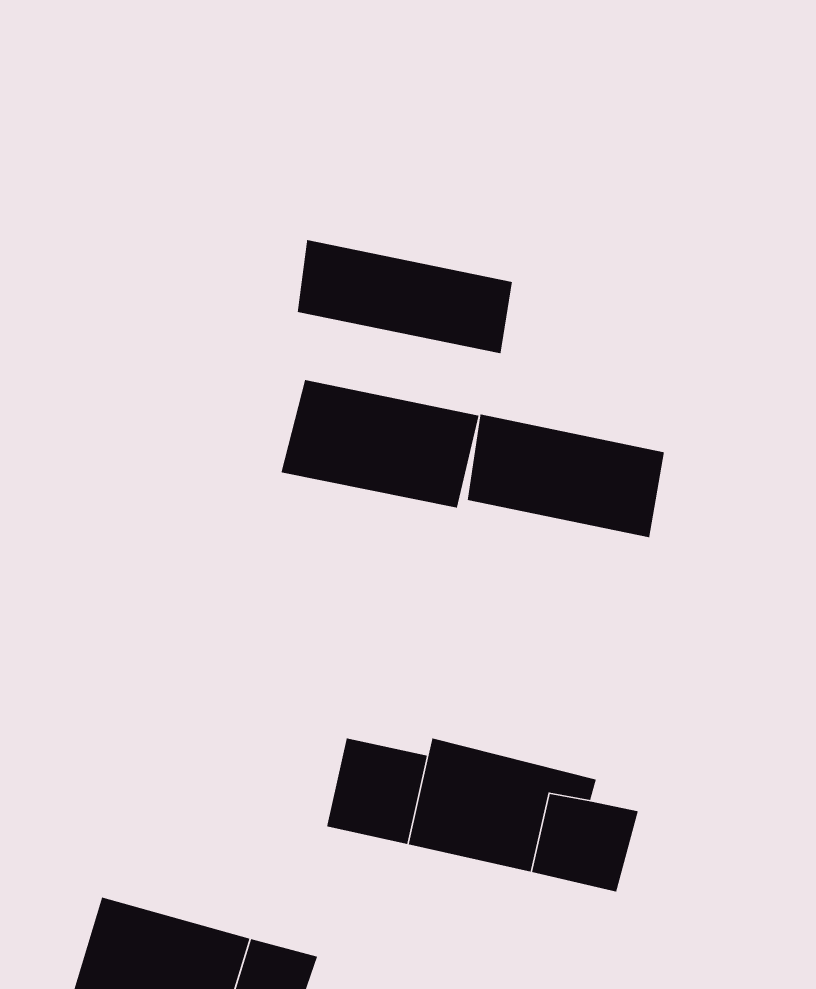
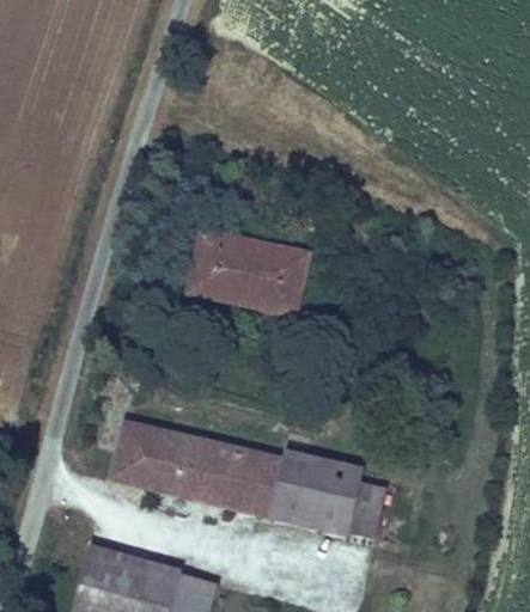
building: [297,239,513,354] -> none
building: [467,414,665,538] -> none
building: none -> [106,422,230,502]

